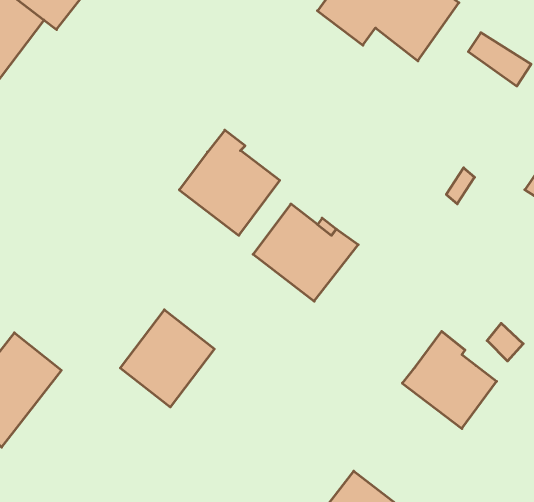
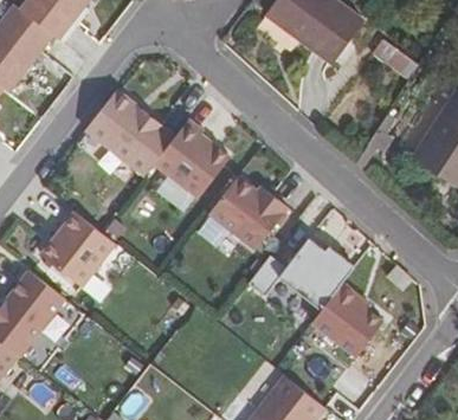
building: none -> [83,89,174,174]
building: none -> [247,235,354,308]
building: [120,310,214,407] -> [43,213,114,286]

